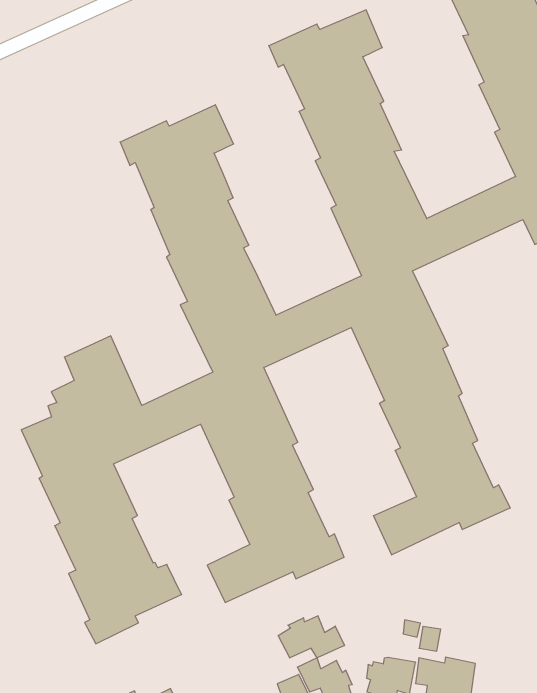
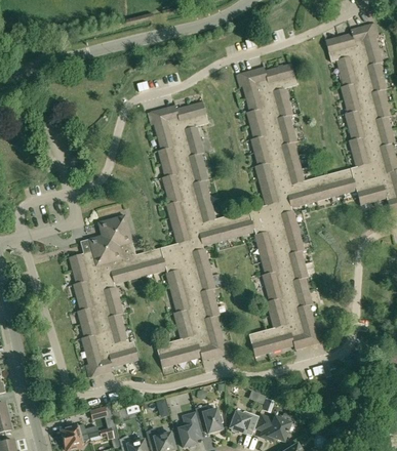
building: [278,616,344,658] -> none

